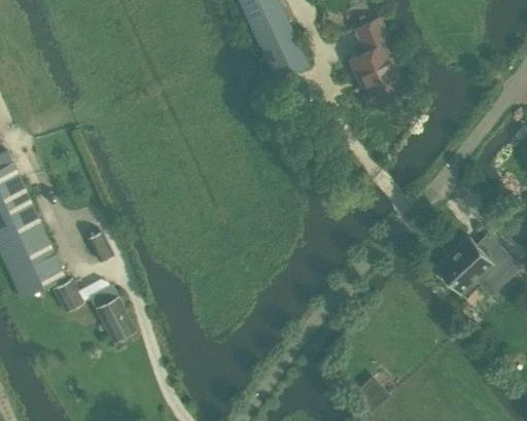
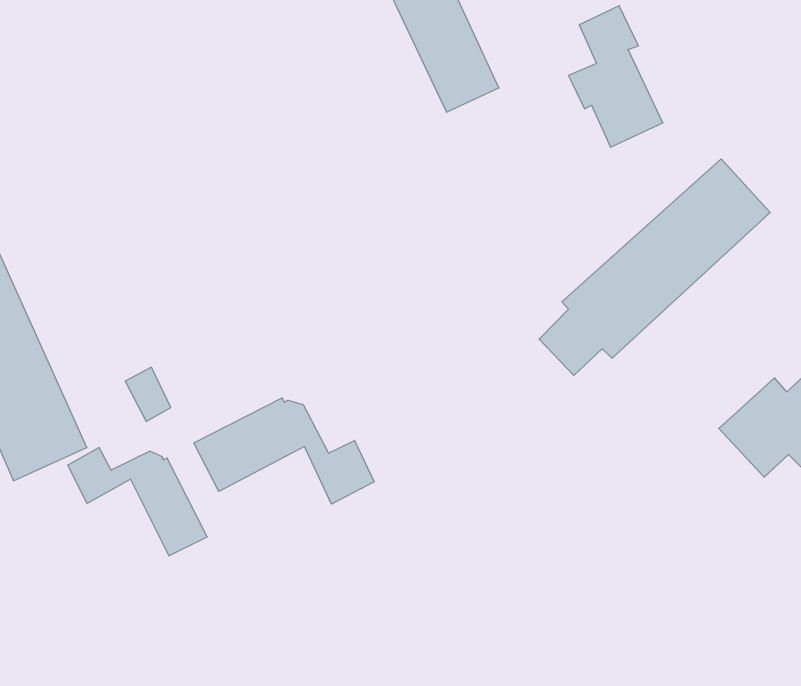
building: none -> [539,159,770,375]
building: none -> [194,398,374,504]

